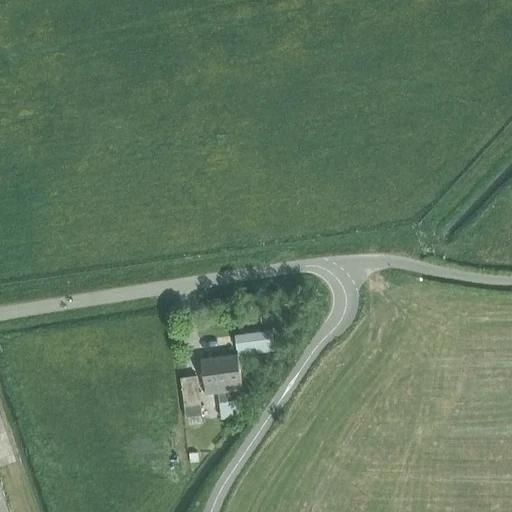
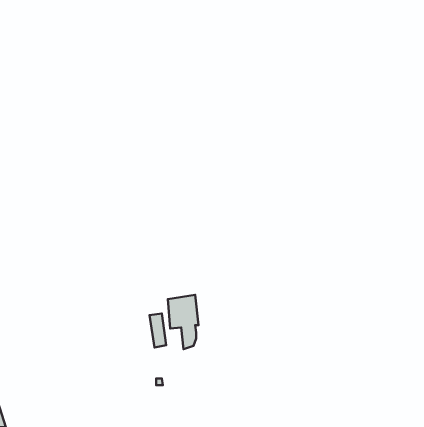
building: [235,331,273,354] -> none

